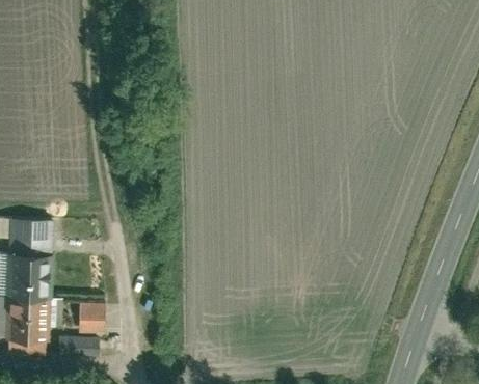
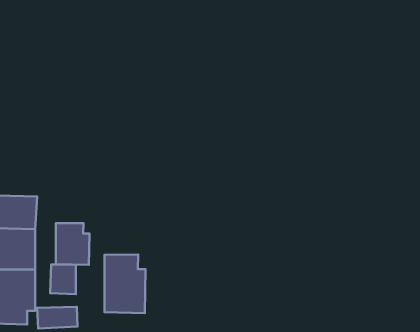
building: none -> [56,223,89,265]
building: none -> [104,254,145,313]

